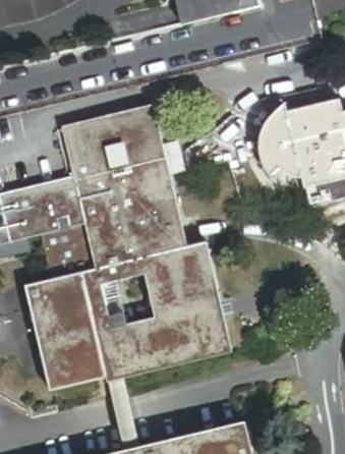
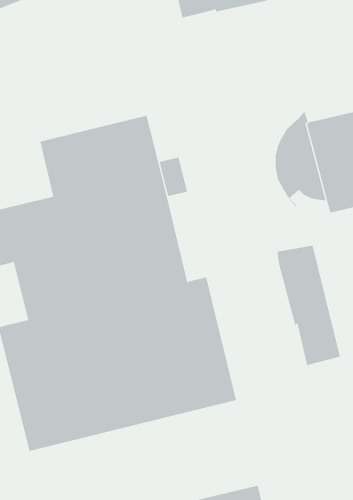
building: none -> [277,245,340,366]

